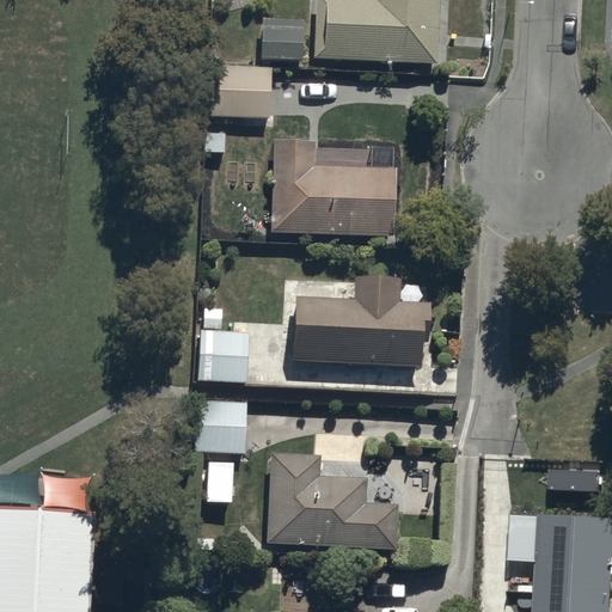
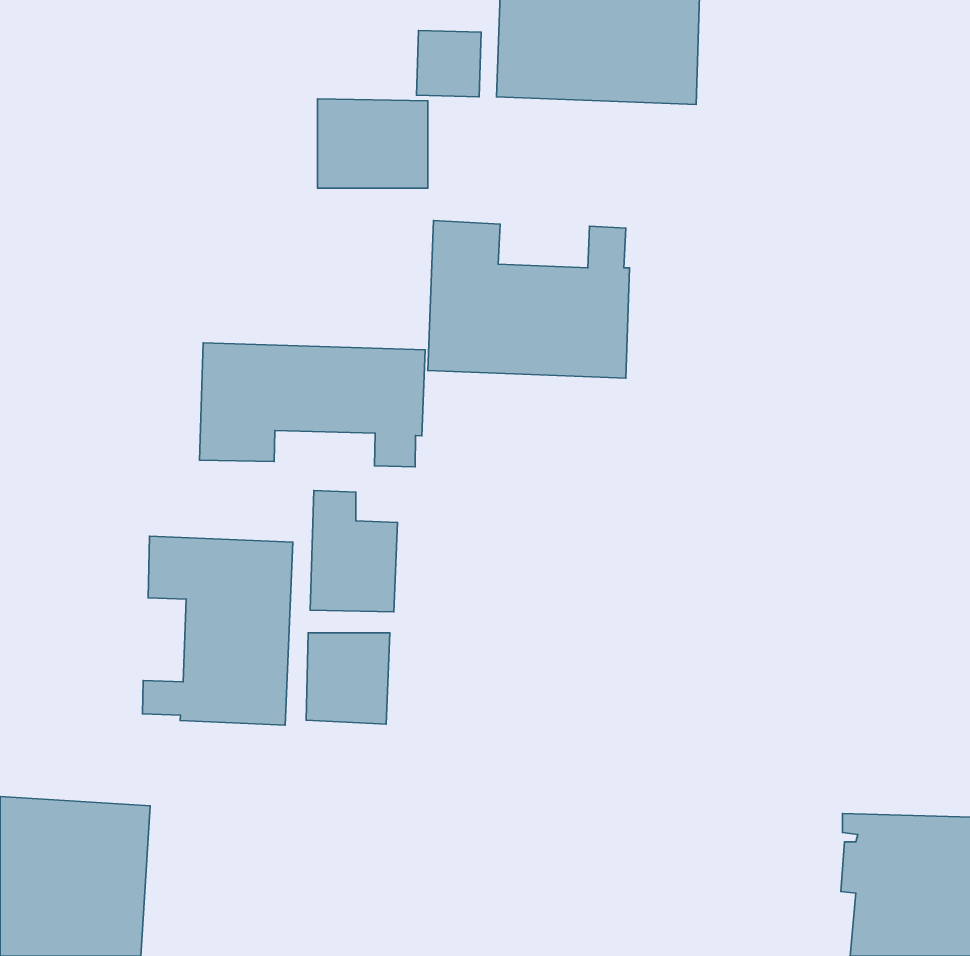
building: none -> [199,343,425,467]
building: [294,280,432,365] -> none
building: none -> [142,536,293,725]
building: [268,452,398,547] -> none

